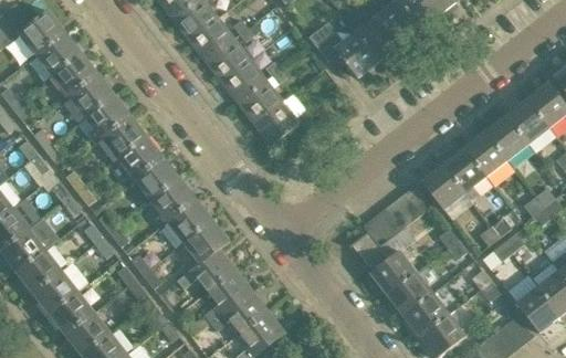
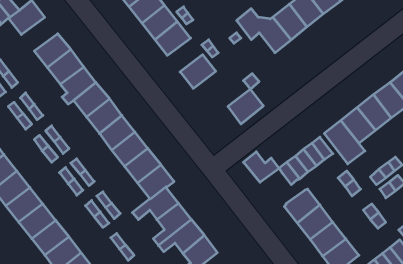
building: [34,32,81,75] -> none
building: [220,59,265,102] -> none
building: [253,101,298,145] -> [228,89,263,124]
building: [350,231,396,270] -> [243,152,279,182]

